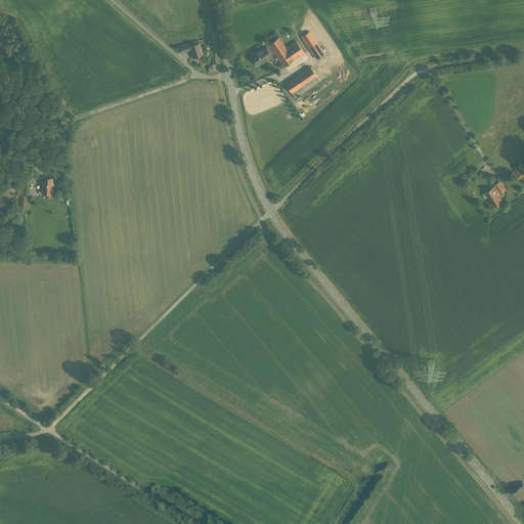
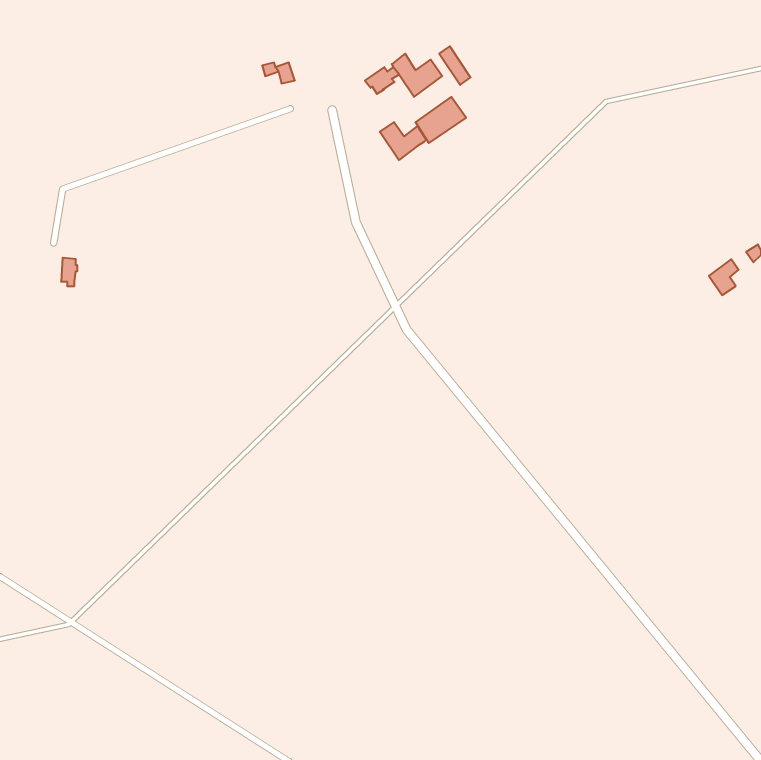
building: none -> [380,122,426,160]

